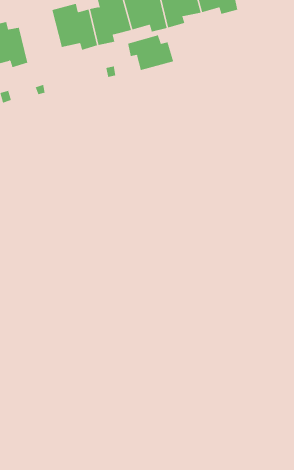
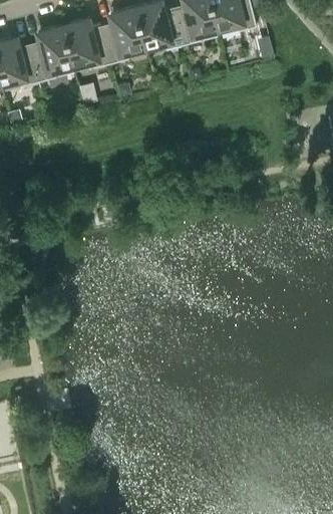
building: none -> [29,25,72,80]
building: [127,35,174,71] -> none

